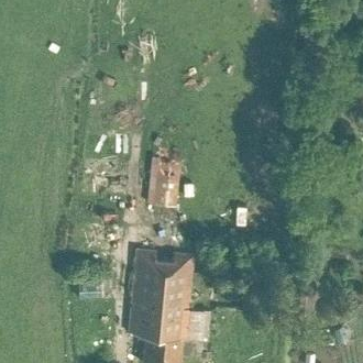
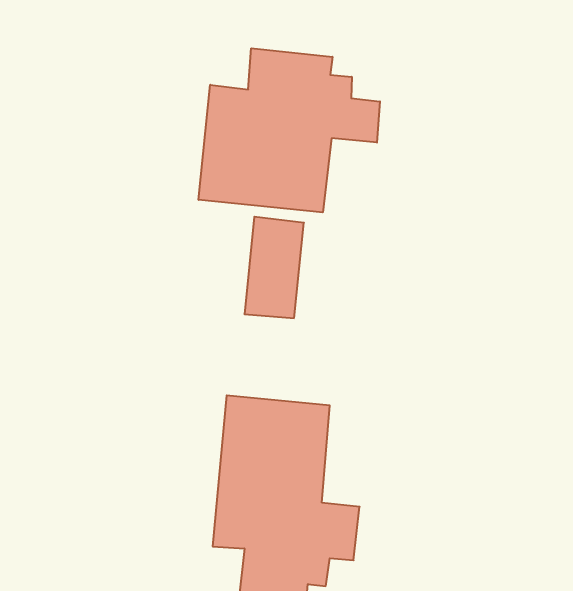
building: none -> [199,48,380,212]

